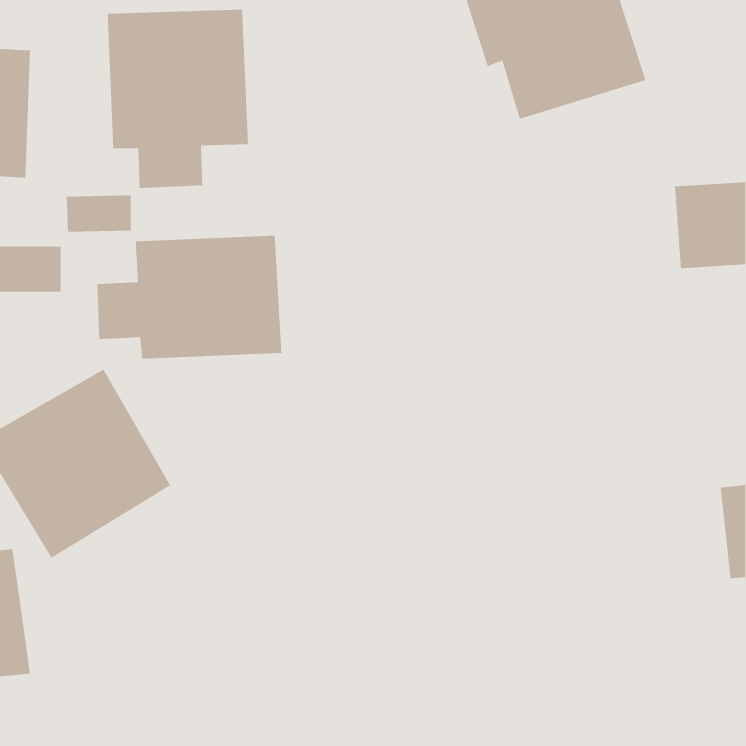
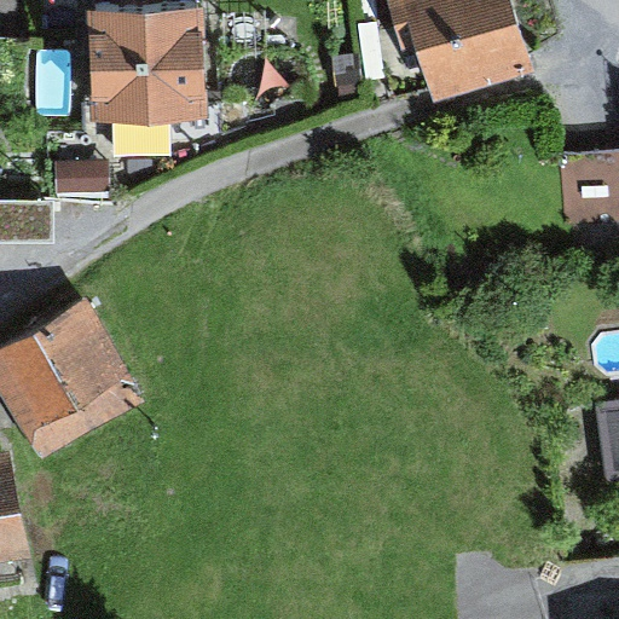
building: [96,235,282,360] -> none

